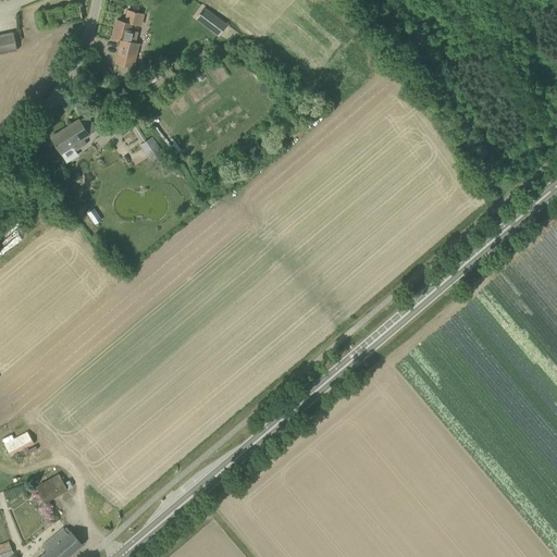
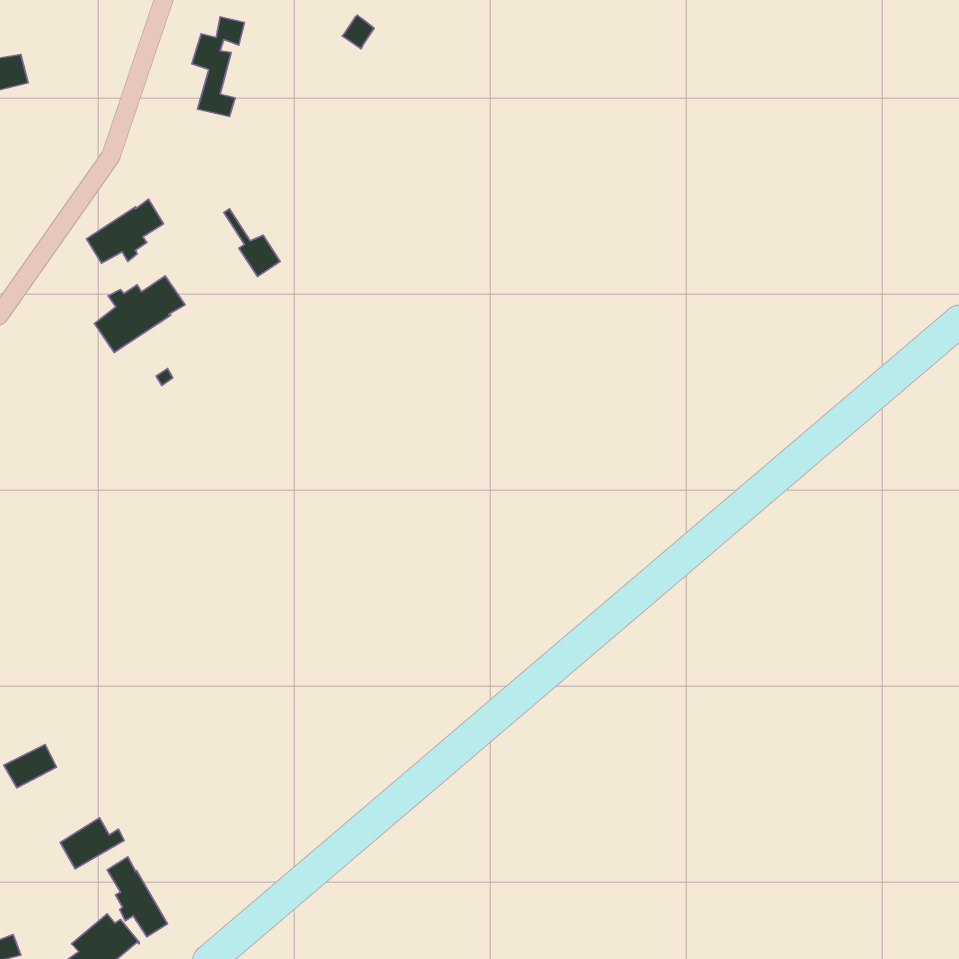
building: none -> [94,276,185,352]
building: none -> [107,857,167,937]

